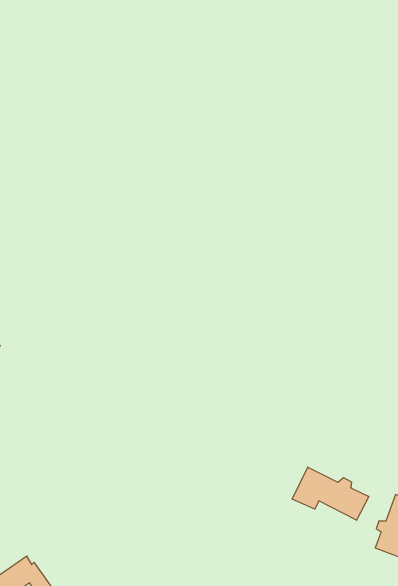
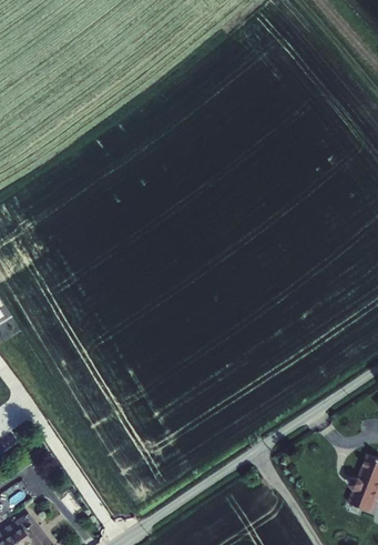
building: [292,467,369,520] -> none

